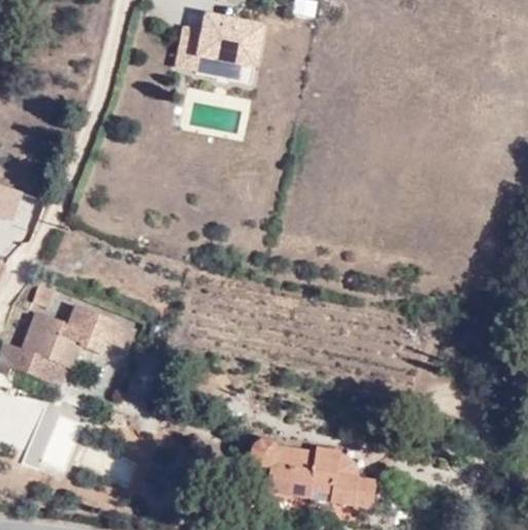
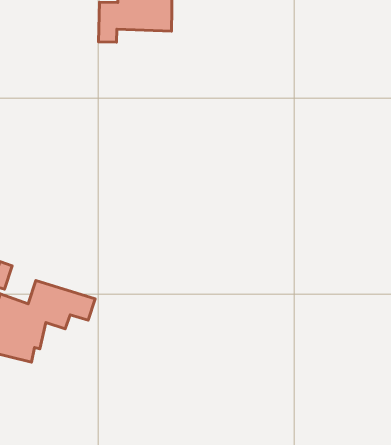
building: [257,441,374,506] -> none

